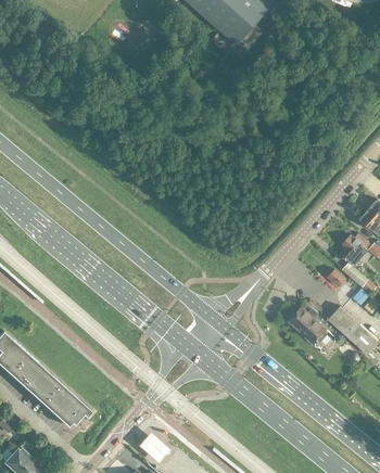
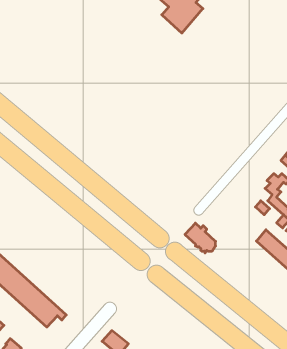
building: [288,306,326,343] -> [185,223,216,253]

